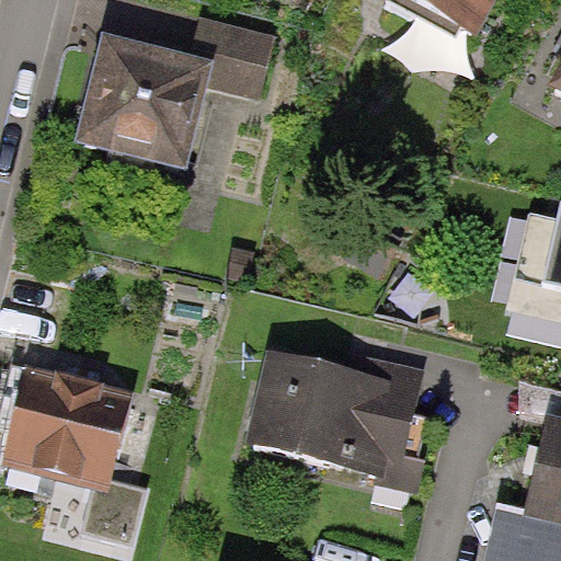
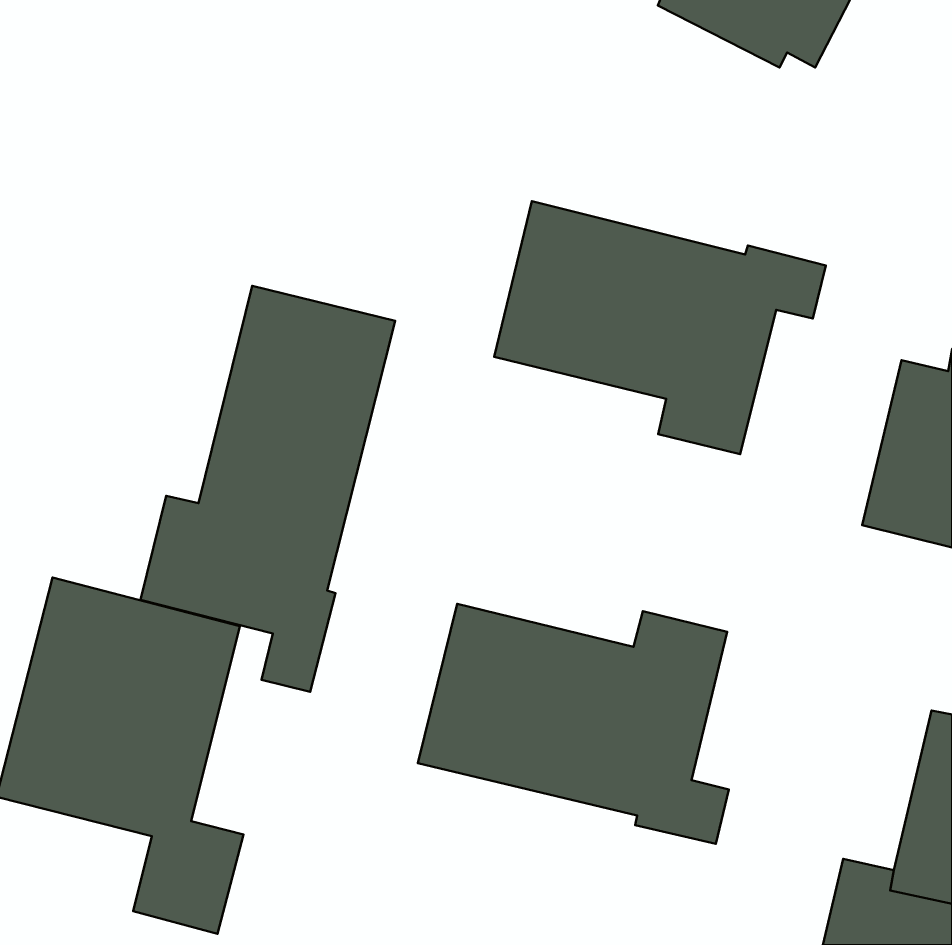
building: [73,22,274,174] -> none
building: none -> [494,201,826,454]
building: none -> [140,286,395,692]

